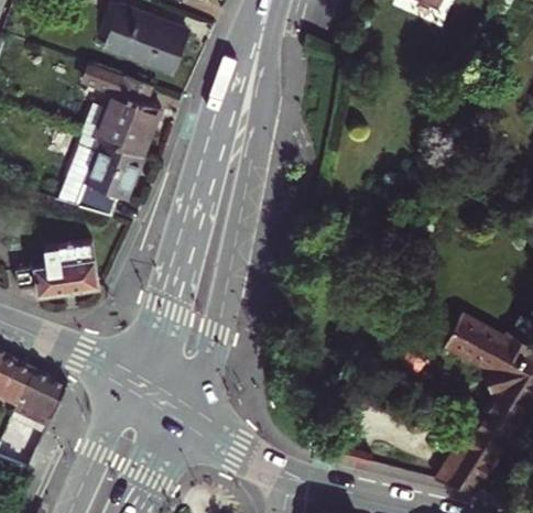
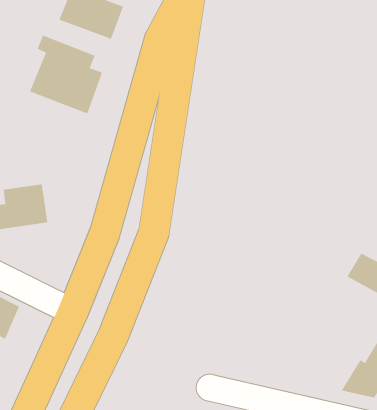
building: [61,137,143,219] -> none

